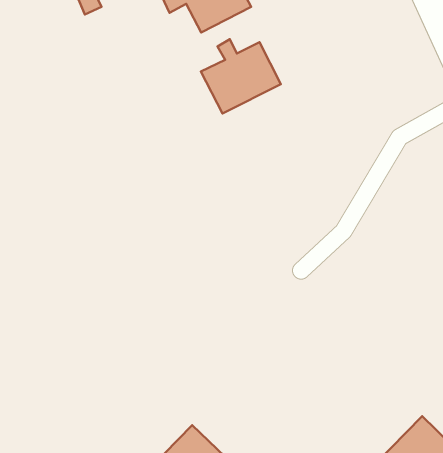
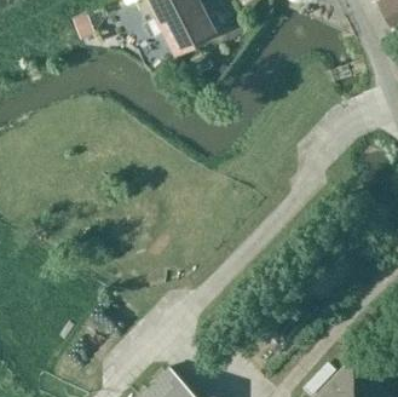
building: [201,39,281,113] -> none

